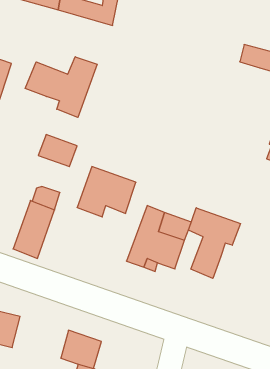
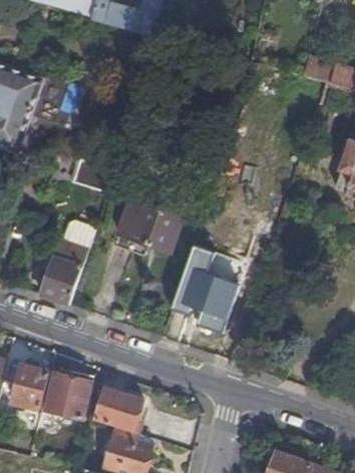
building: [25,57,97,117] -> none
building: [189,208,240,278] -> none
building: none -> [45,374,91,418]

